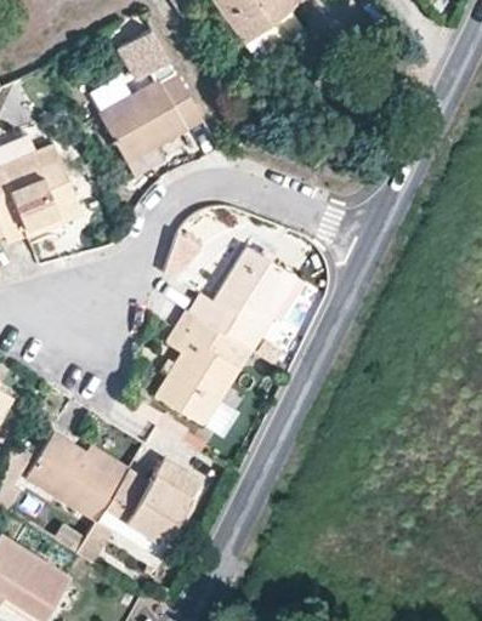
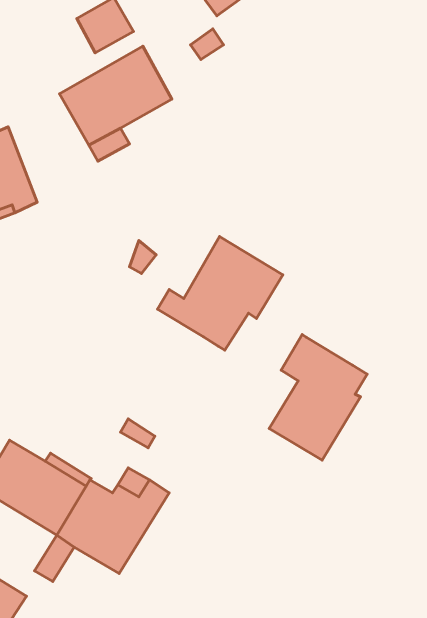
building: [155,310,245,426] -> [269,335,367,460]

